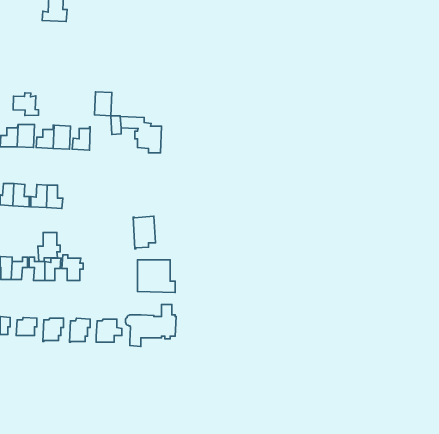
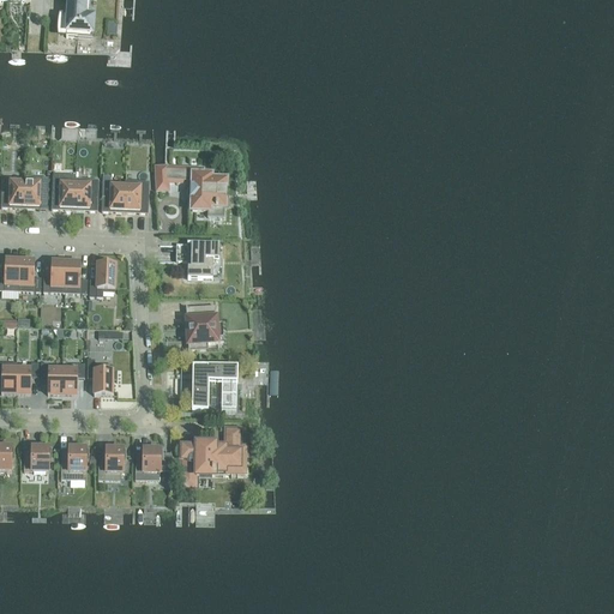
building: [95,92,112,116] -> [125,177,149,211]
building: [13,93,39,116] -> none
building: none -> [175,240,219,276]
building: none -> [89,260,115,295]
building: [38,232,60,262] -> none

